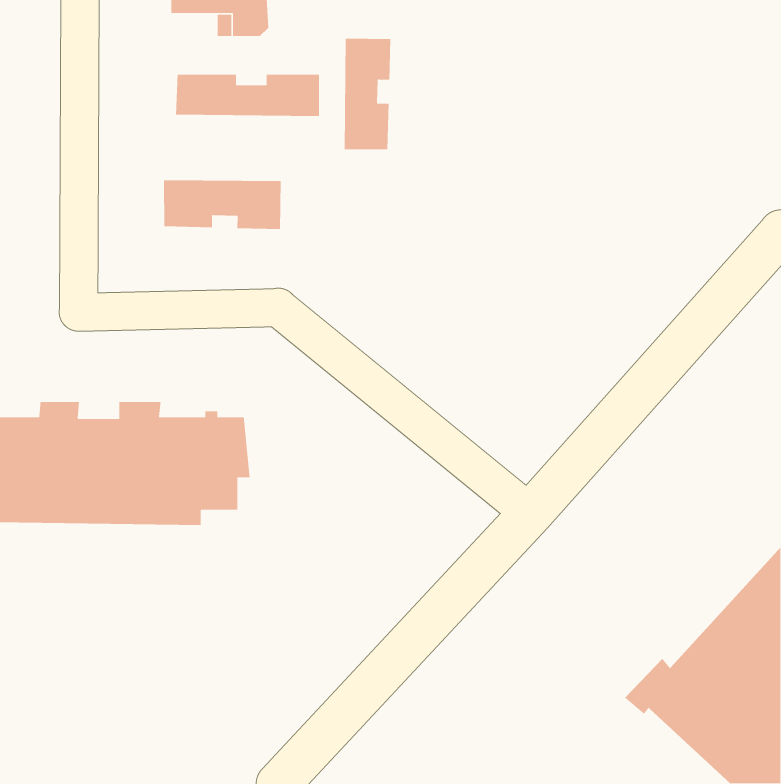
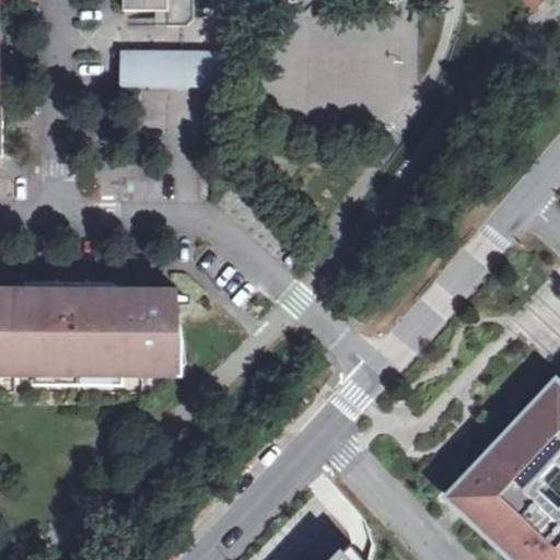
building: [344,38,391,150] -> none
building: [163,179,282,230] -> none

